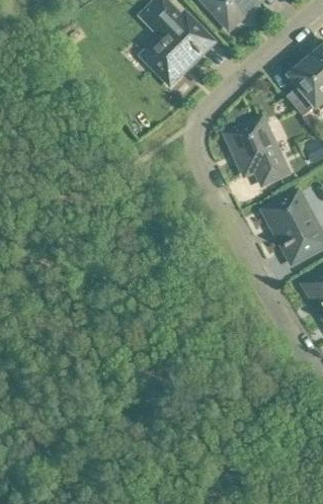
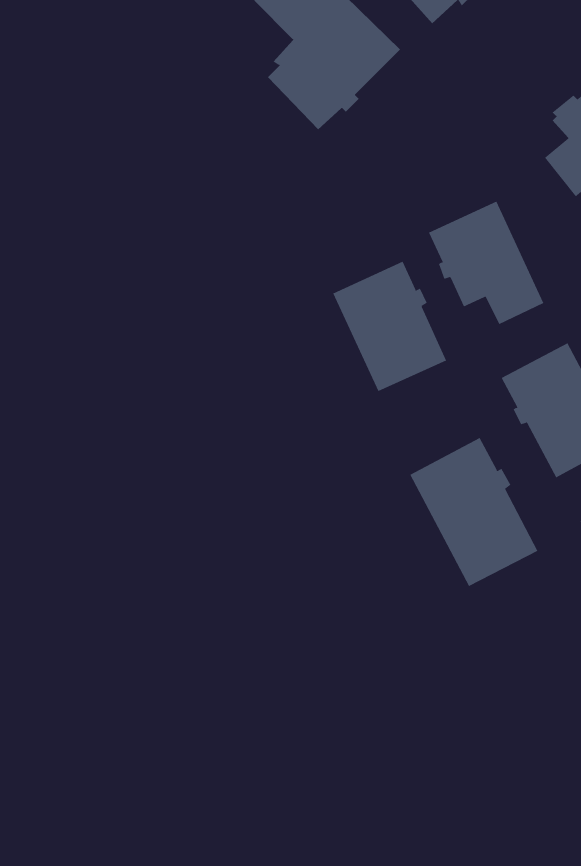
building: none -> [333,261,447,392]
building: none -> [410,437,538,587]

